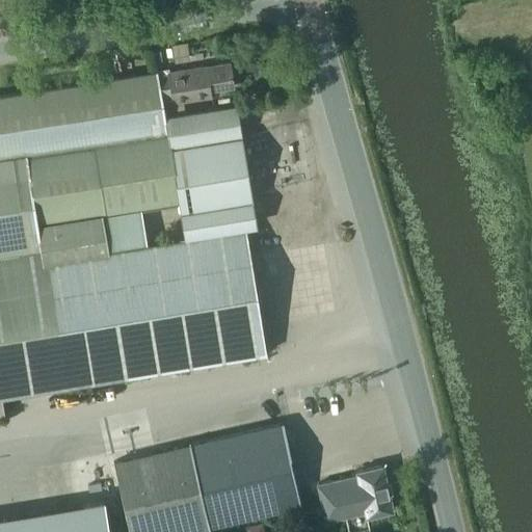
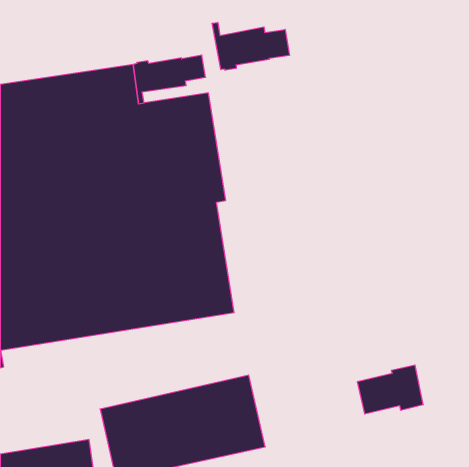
building: none -> [212,22,289,70]
building: [317,469,392,524] -> [357,365,423,414]

